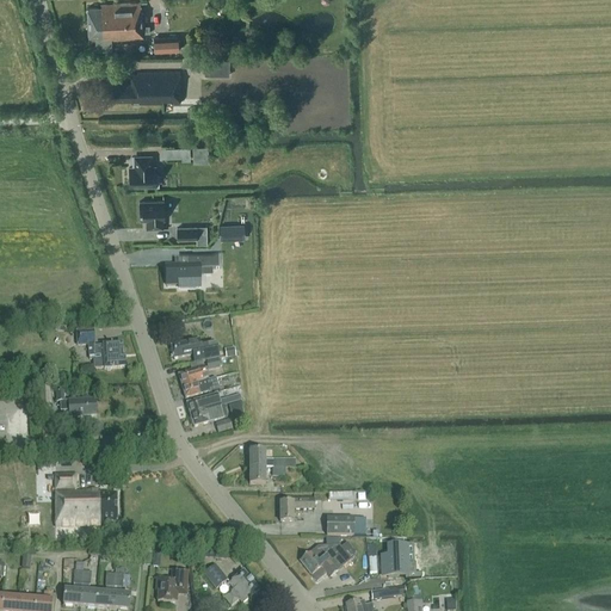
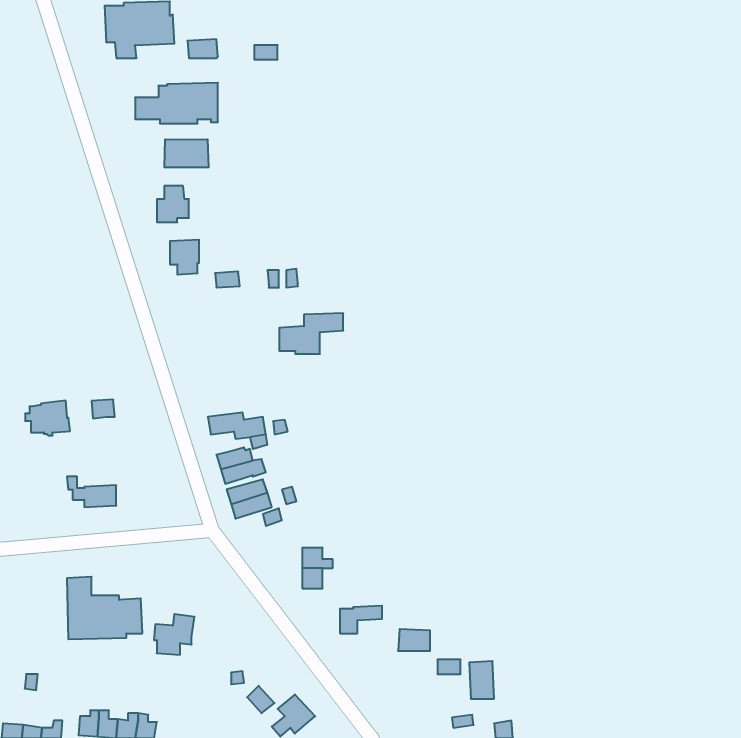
building: none -> [164,139,209,167]
building: [167,252,220,285] -> [279,313,343,354]
building: [90,340,126,369] -> [25,401,70,435]
building: [301,543,352,580] -> none
building: [156,568,190,601] -> [154,614,195,655]

